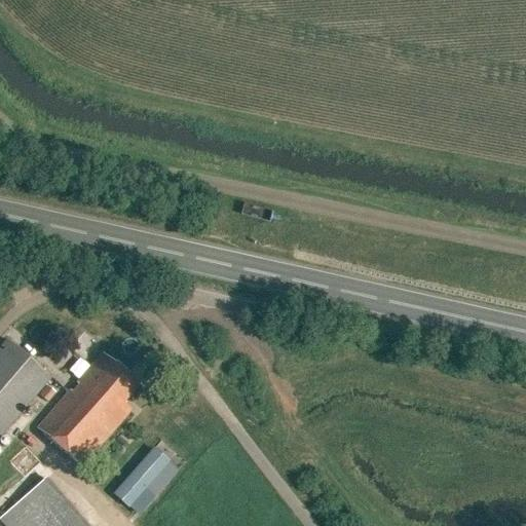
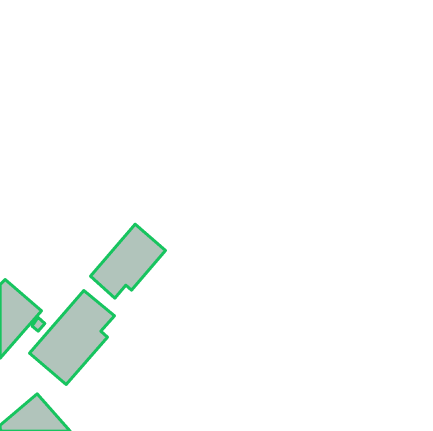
building: none -> [90,224,166,298]
building: [112,448,168,509] -> none

